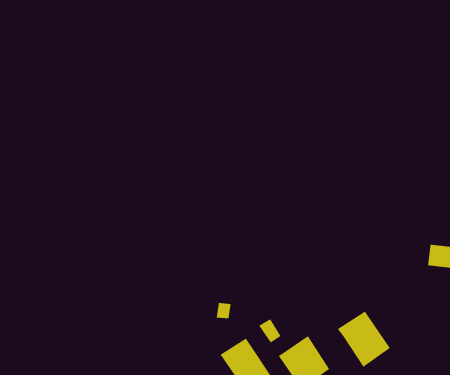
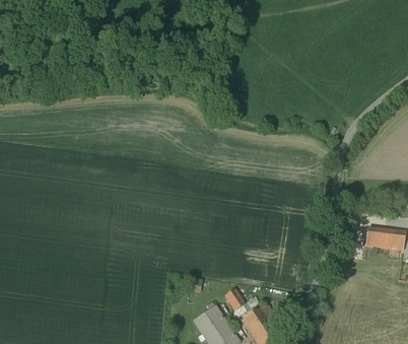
building: [337,310,391,368] -> none

